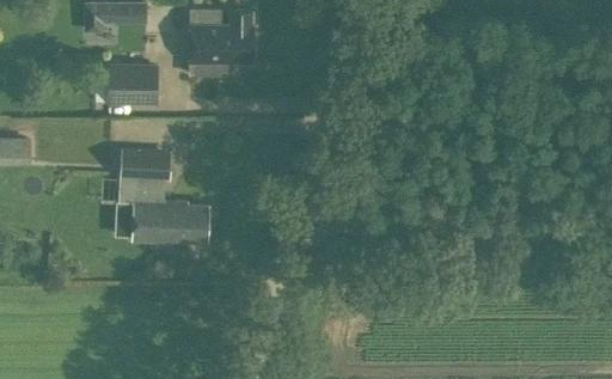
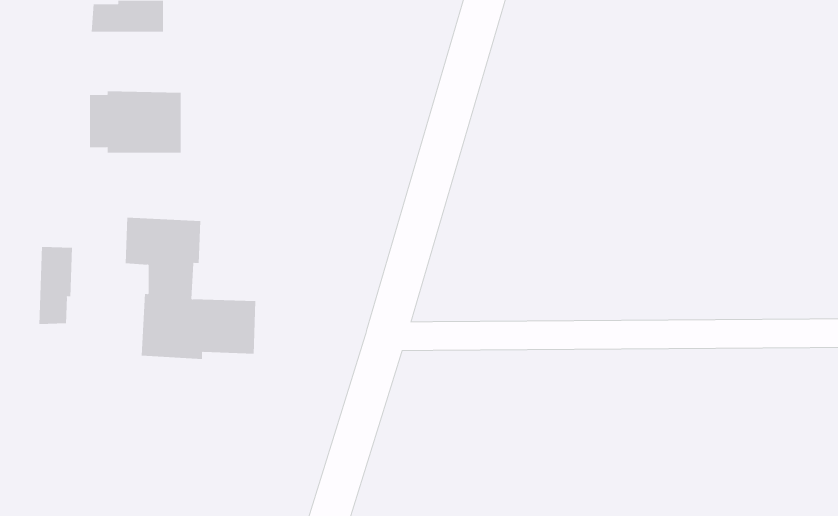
building: [190,10,251,77] -> none
building: none -> [39,246,73,325]

